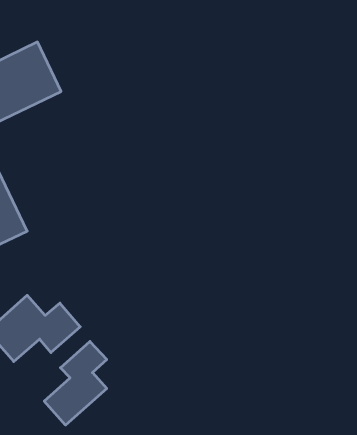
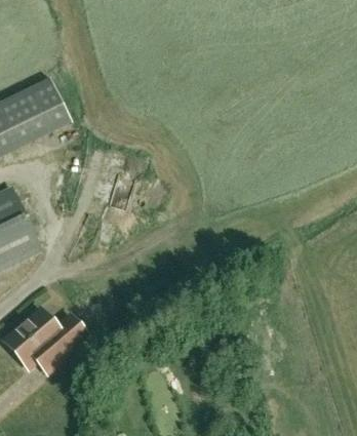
building: [44,341,107,425] -> none

